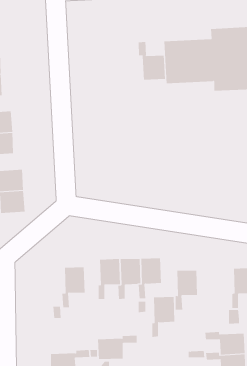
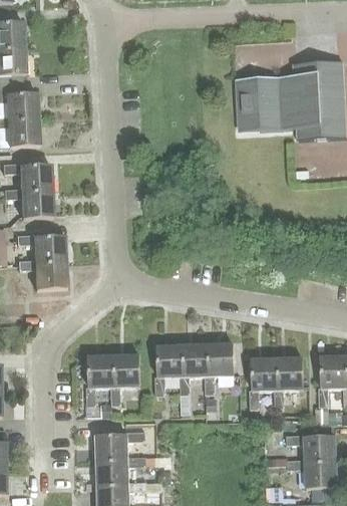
building: [138,41,166,81] -> none
building: none -> [86,355,115,406]
building: [151,296,175,337] -> [275,357,304,408]
building: [97,335,137,360] -> [96,431,145,461]

